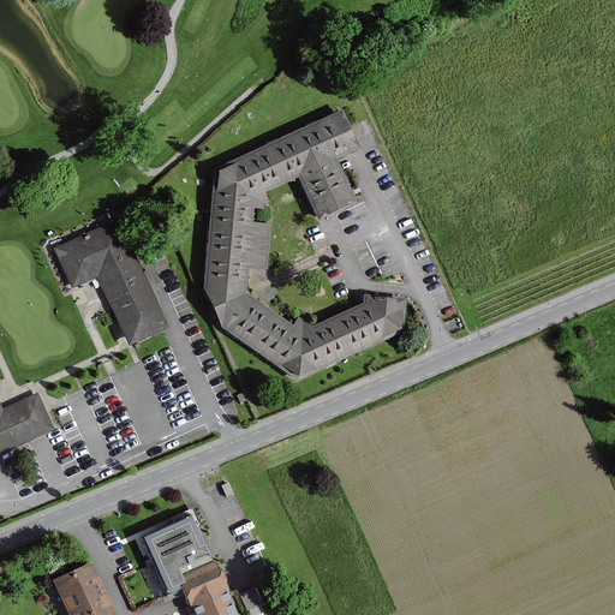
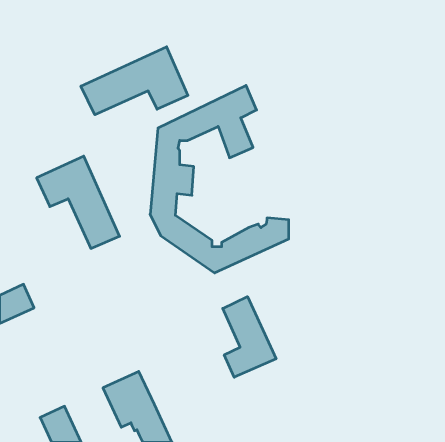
building: none -> [81,47,188,115]
building: none -> [223,297,276,377]

